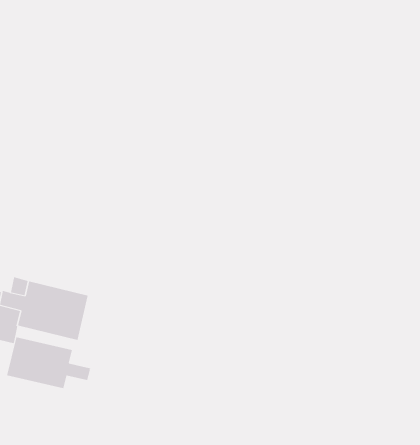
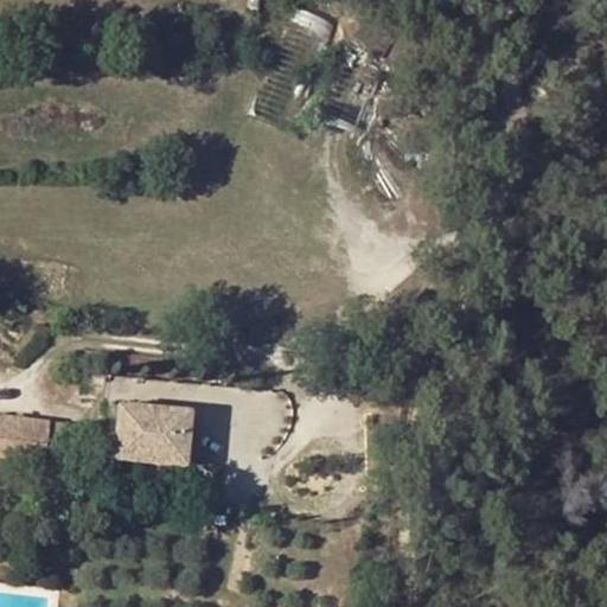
building: [6,336,91,389] -> none

